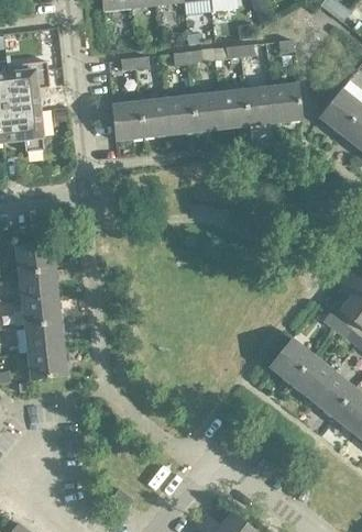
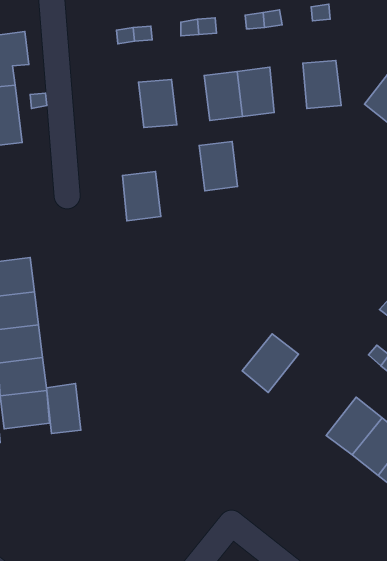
building: [244,86,274,125] -> none
building: [165,96,196,135] -> [199,141,238,191]
building: [112,101,143,141] -> [123,171,161,221]
building: [268,337,314,385] -> [242,334,298,393]
building: none -> [46,383,81,434]

